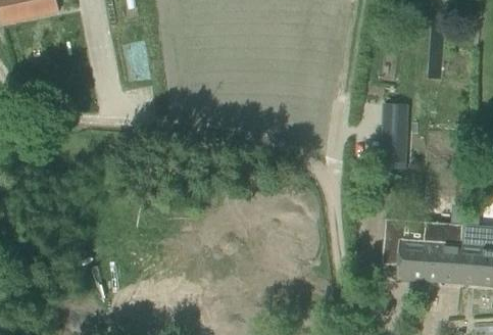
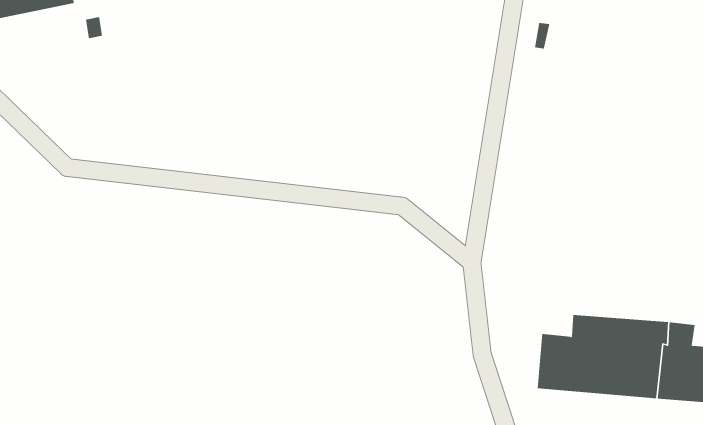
building: [382,105,407,170] -> none

